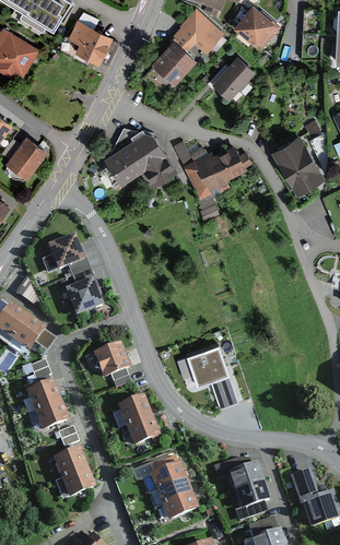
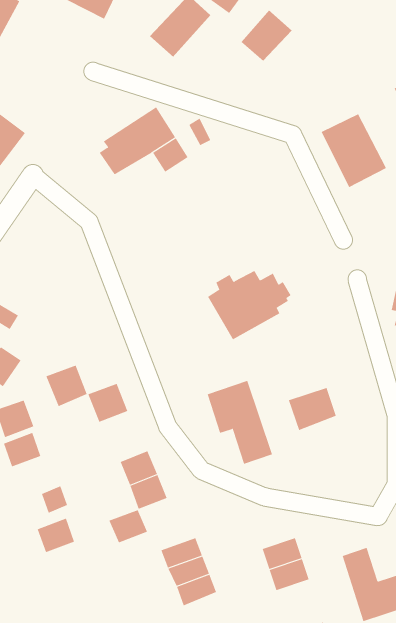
building: [184,144,249,199] -> [207,270,291,340]
building: [46,235,83,271] -> none
building: [66,281,98,313] -> [45,365,88,407]
building: none -> [288,387,337,431]
building: [34,402,65,428] -> none
building: [60,469,91,495] -> [109,509,148,543]

